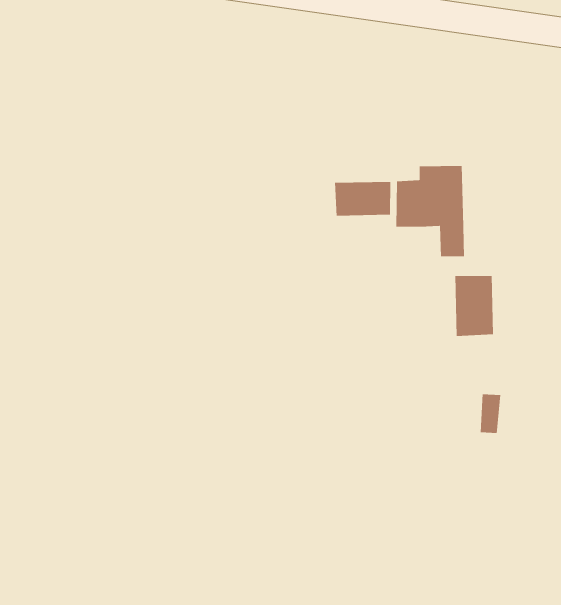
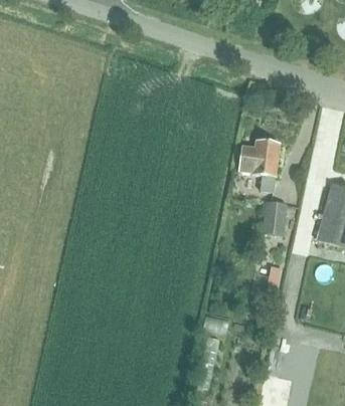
building: [335,181,391,216] -> none

